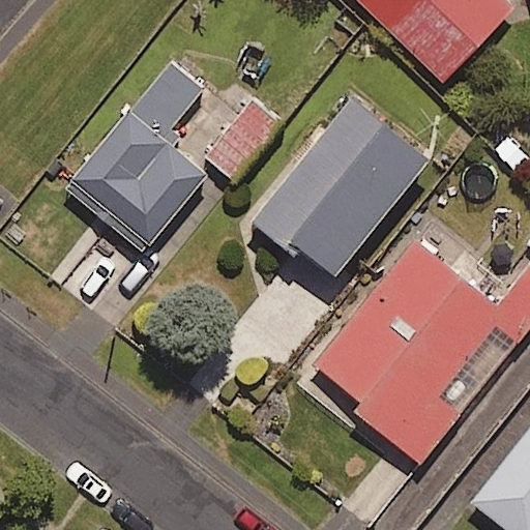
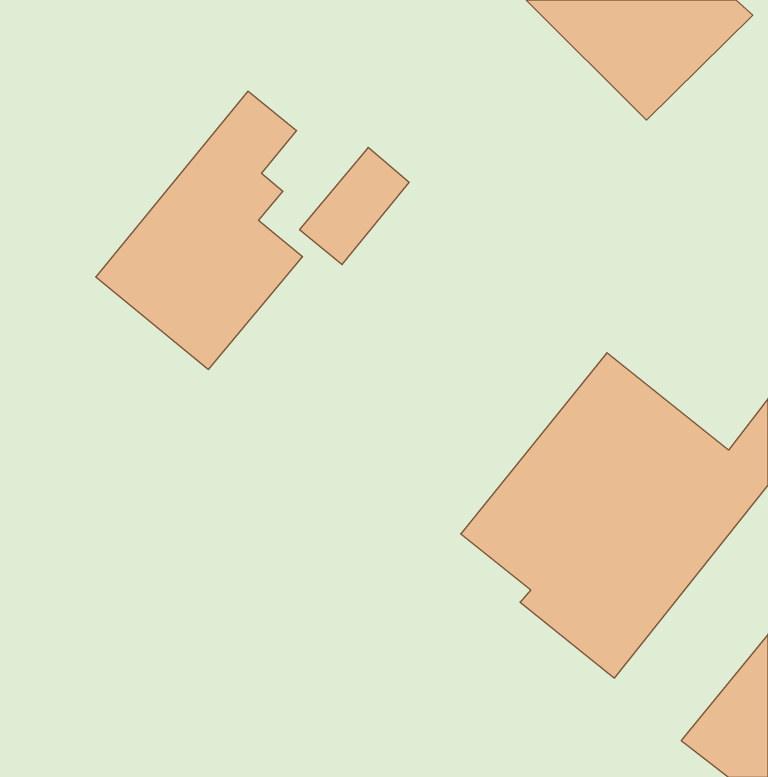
building: [253,98,429,274] -> none

